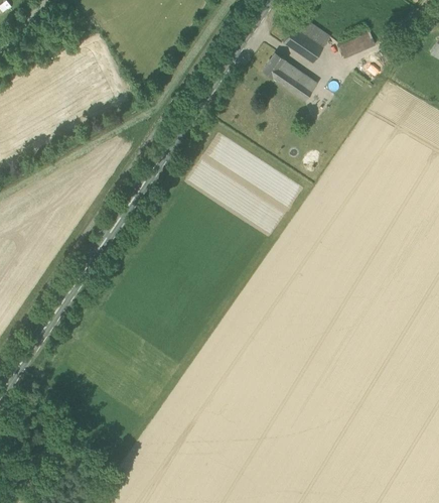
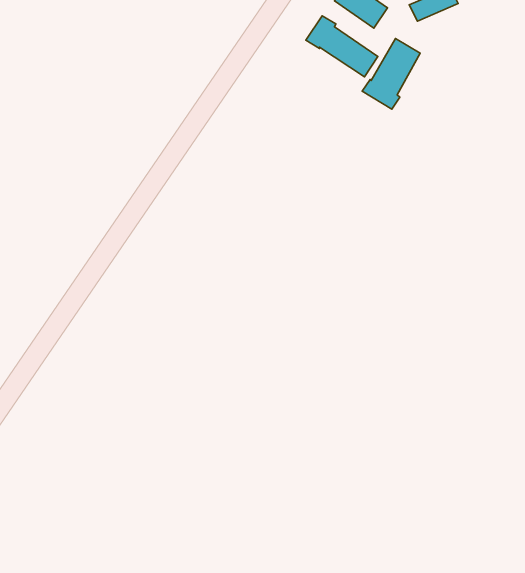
building: none -> [362,38,420,109]

